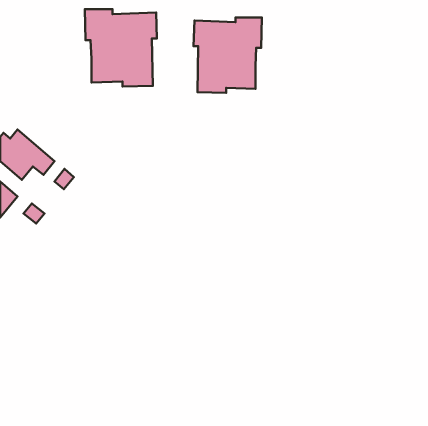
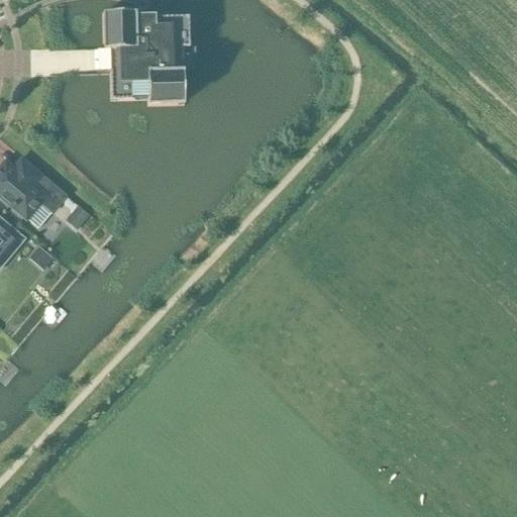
building: [194,17,262,93] -> none

